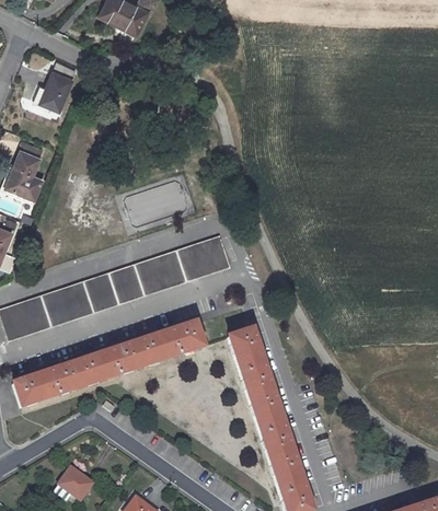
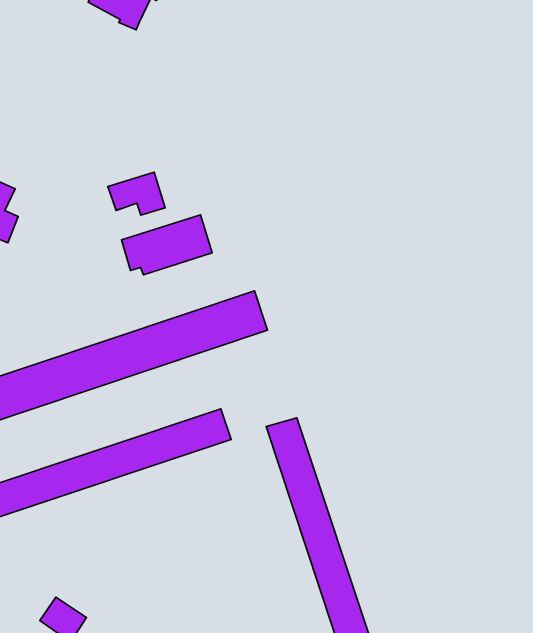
building: [41,61,77,111] -> none
building: none -> [108,172,165,215]

